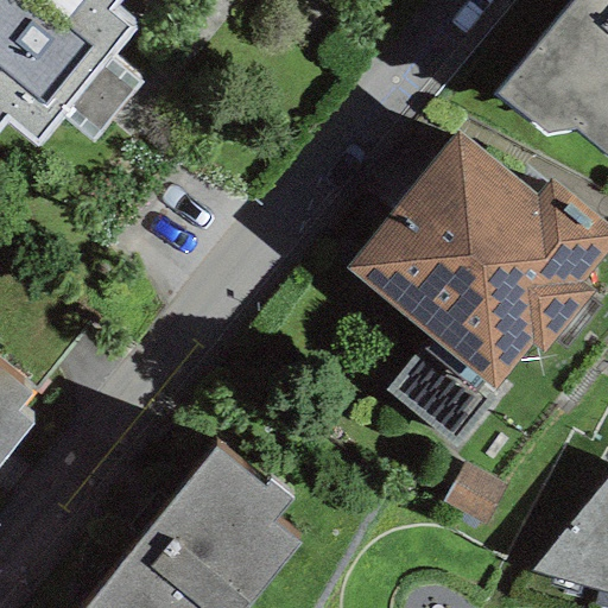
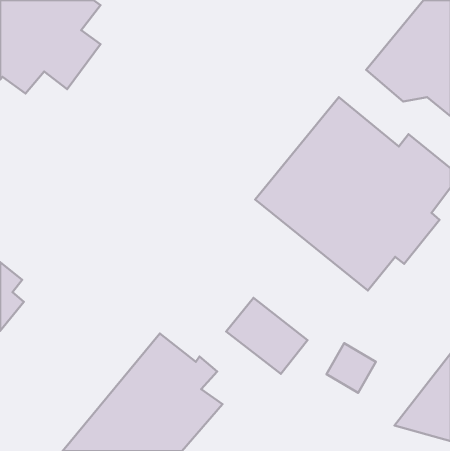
building: [384,346,493,448] -> [226,298,307,374]

